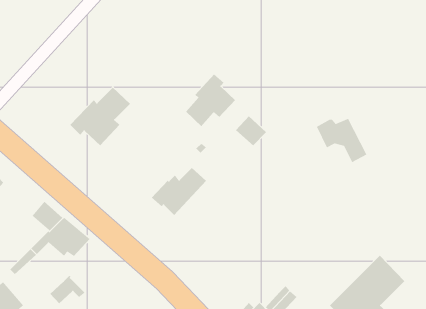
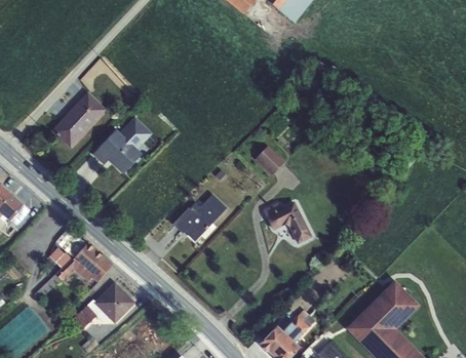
building: none -> [50,92,106,149]
building: [185,73,236,127] -> none
building: [316,118,368,163] -> [262,201,312,245]
building: none -> [93,282,134,324]

